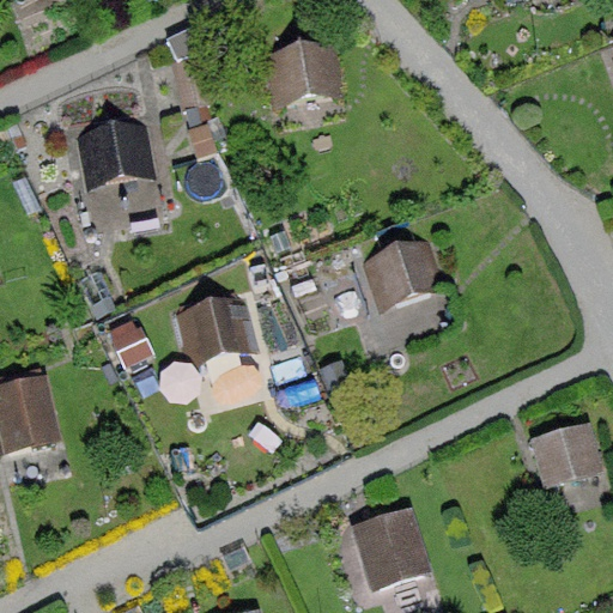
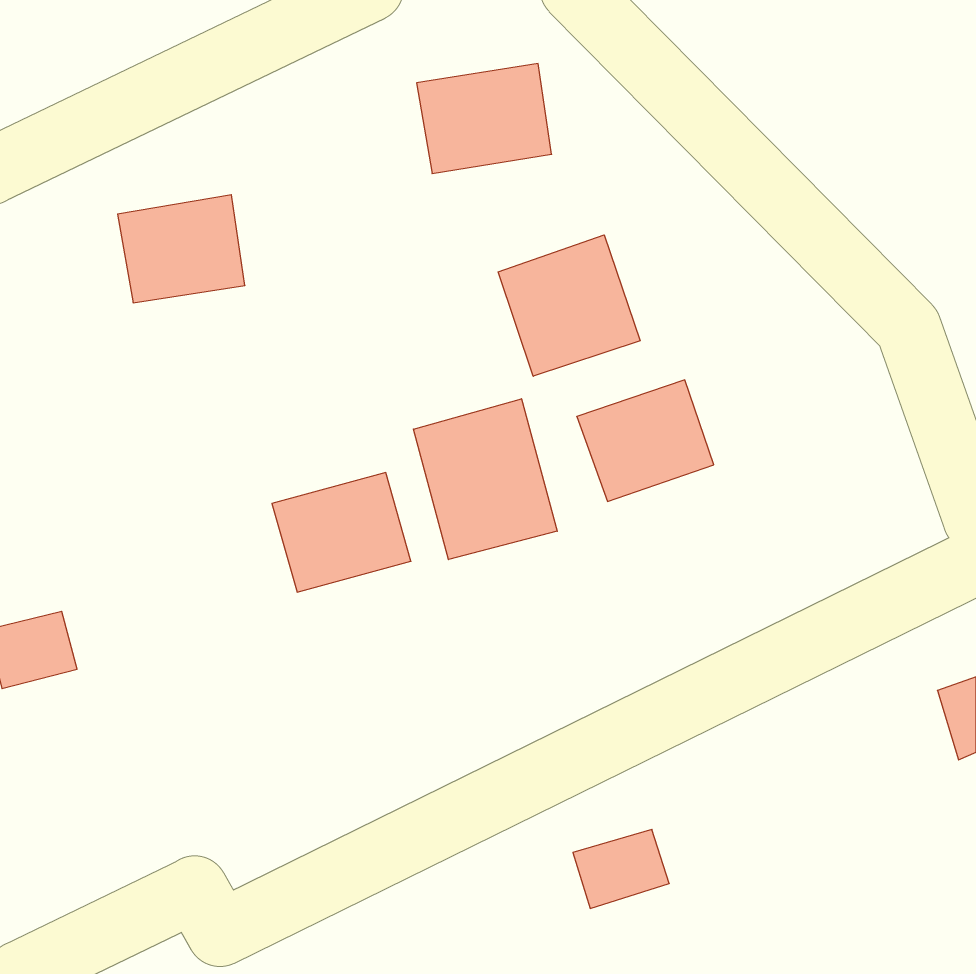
building: none -> [498,235,640,376]
building: none -> [413,399,557,560]

